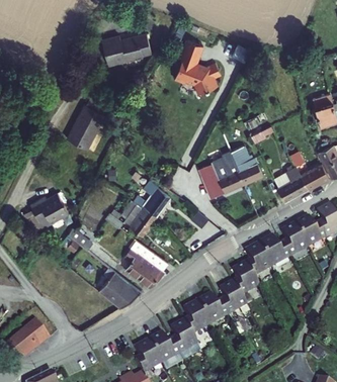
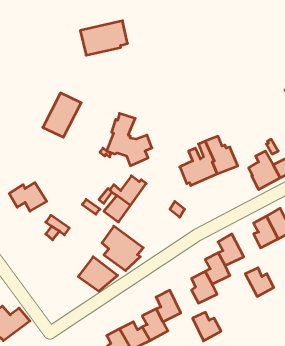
building: [172,38,219,92] -> [107,113,152,166]
building: [259,240,288,269] -> [245,268,274,296]
building: [195,297,225,326] -> [193,312,221,341]

